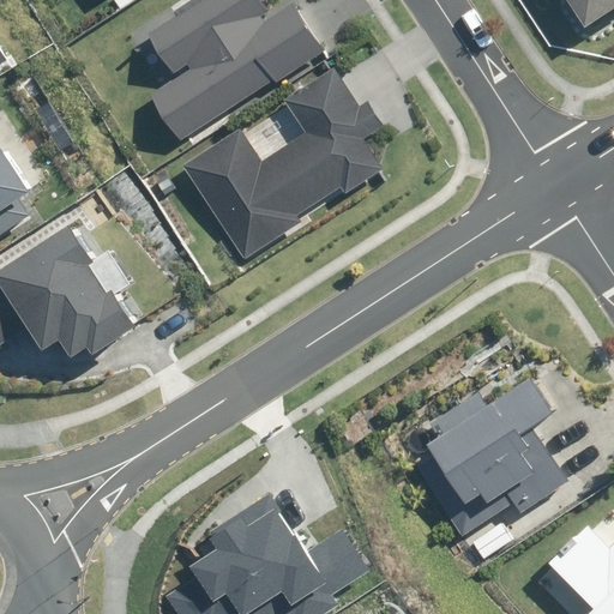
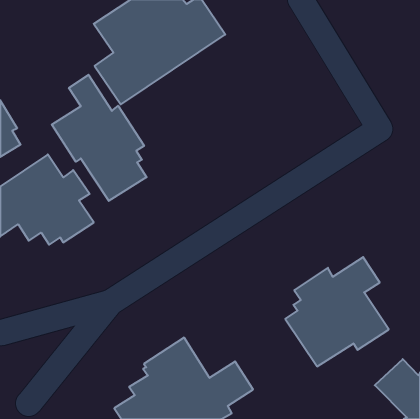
building: [182,70,381,258] -> none
building: none -> [52,75,147,201]

